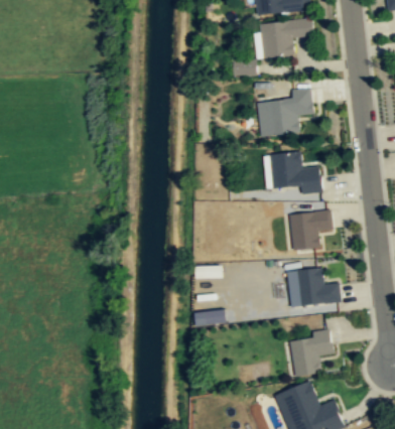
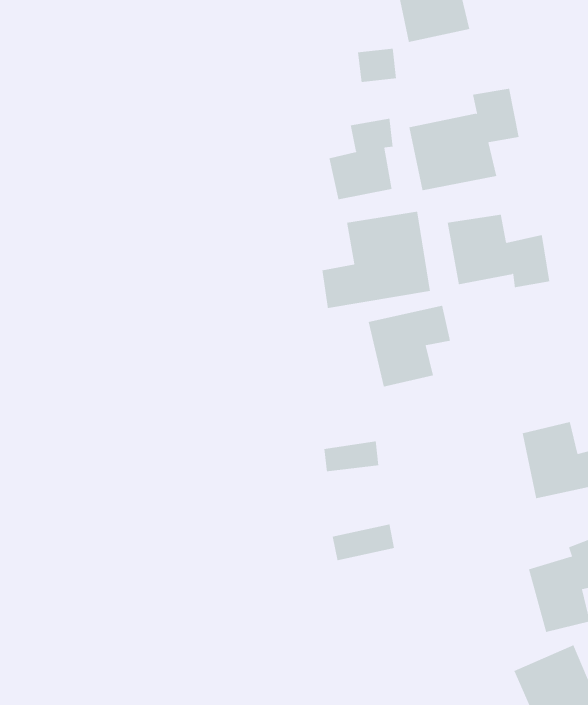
building: none -> [329,118,393,200]
building: none -> [322,211,430,309]
building: [289,209,332,249] -> [368,305,451,387]

